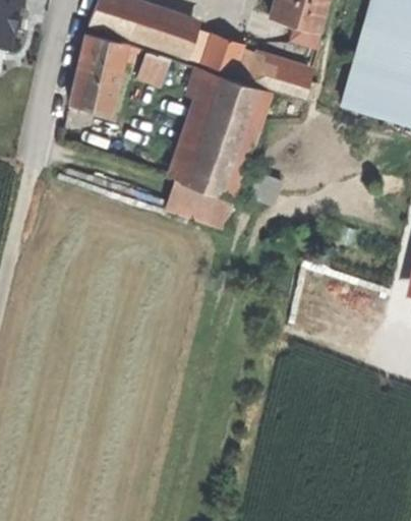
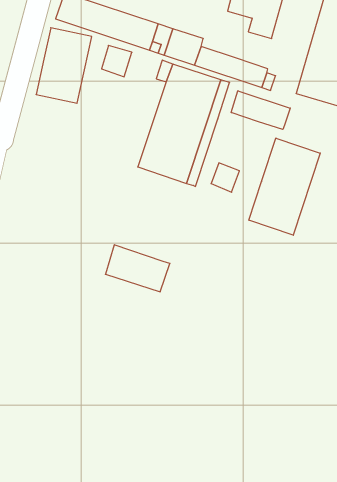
building: none -> [231,91,290,129]
building: none -> [249,138,320,235]
building: [166,178,233,227] -> [105,245,170,292]

